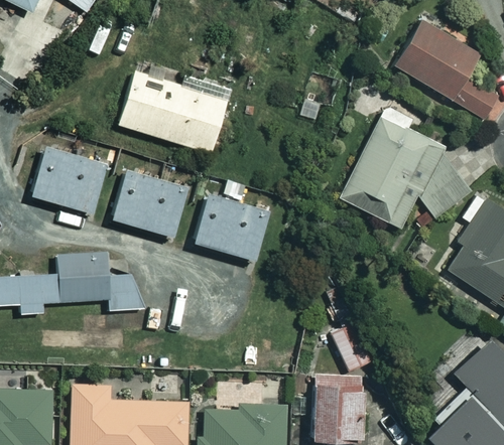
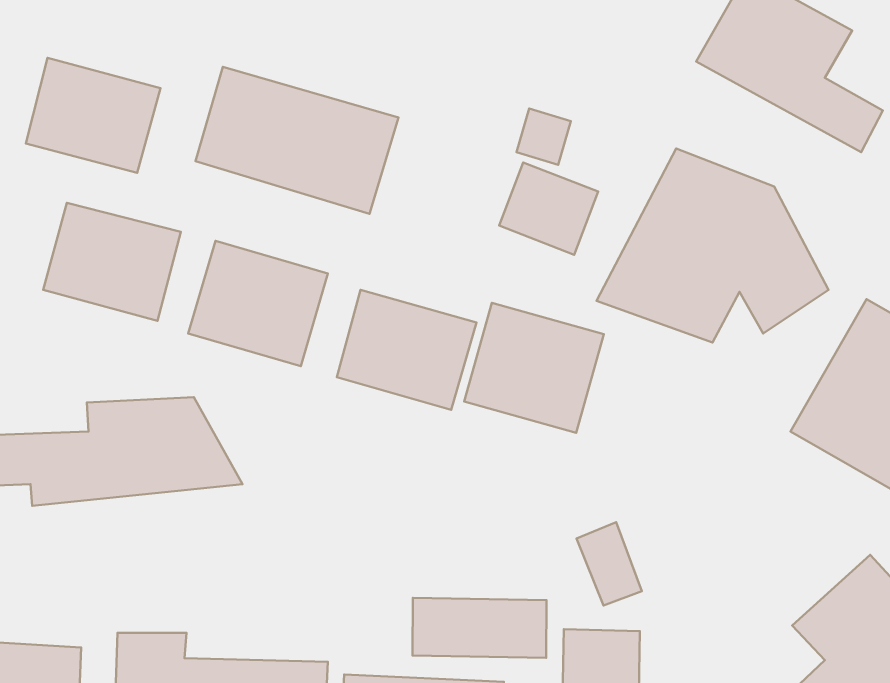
building: none -> [26,58,161,173]
building: none -> [499,162,598,255]
building: none -> [464,303,604,433]
building: none -> [412,598,547,658]

